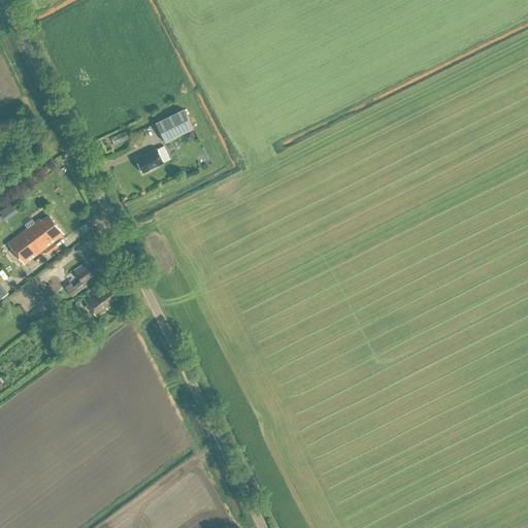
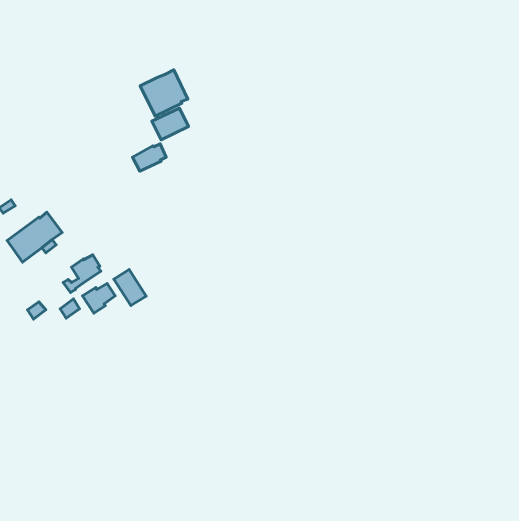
building: none -> [140,70,188,116]
building: none -> [114,270,146,306]

